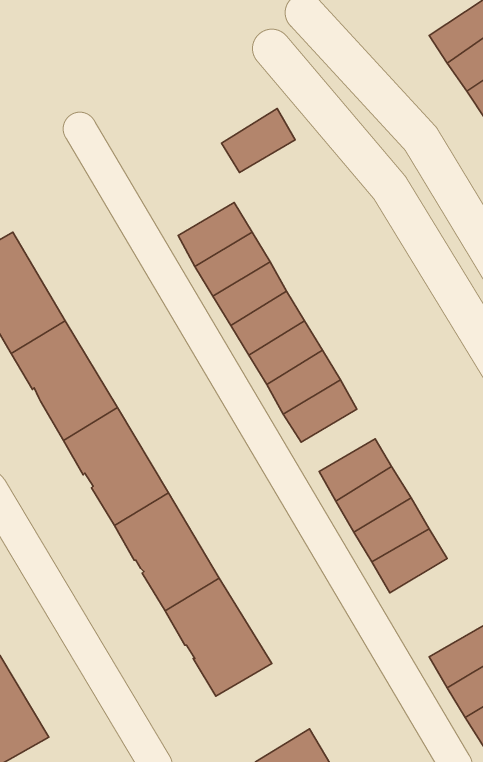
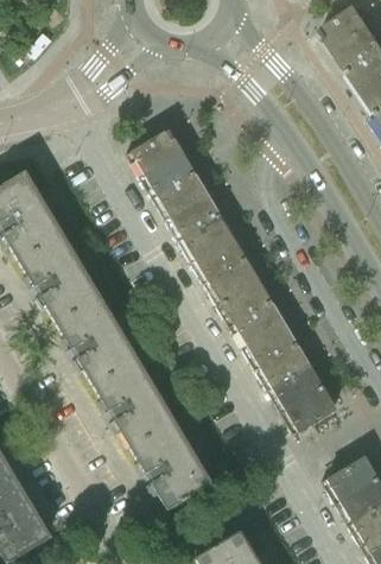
building: [221,109,295,173] -> [126,129,179,176]
building: none -> [228,302,281,347]

